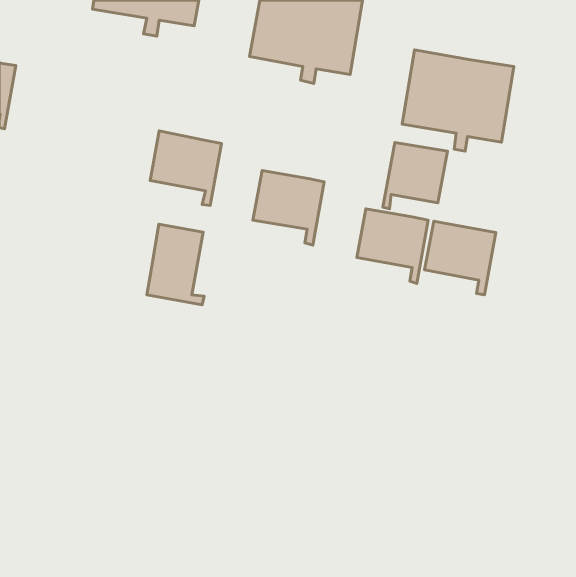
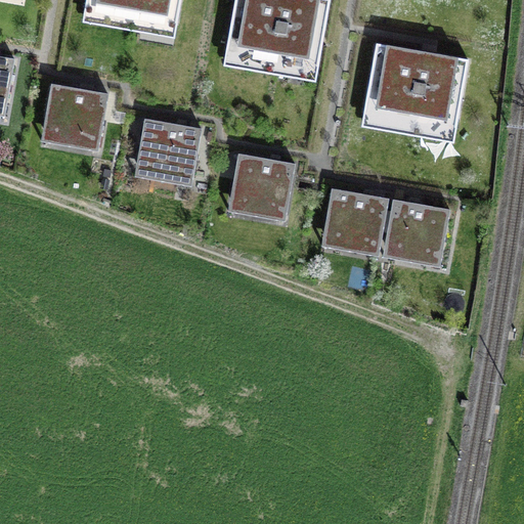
building: none -> [42,85,106,151]
building: [383,143,448,209] -> none
building: [147,224,204,305] -> none

